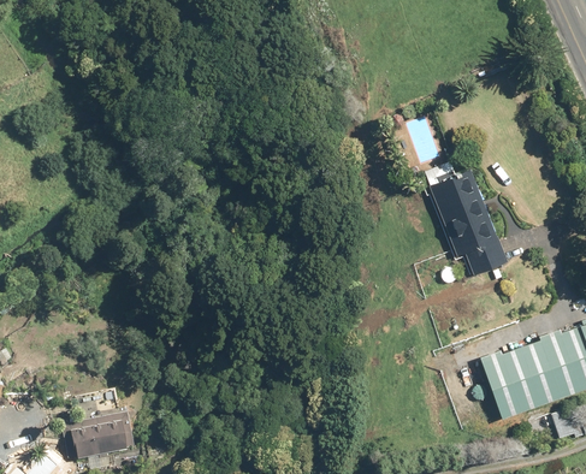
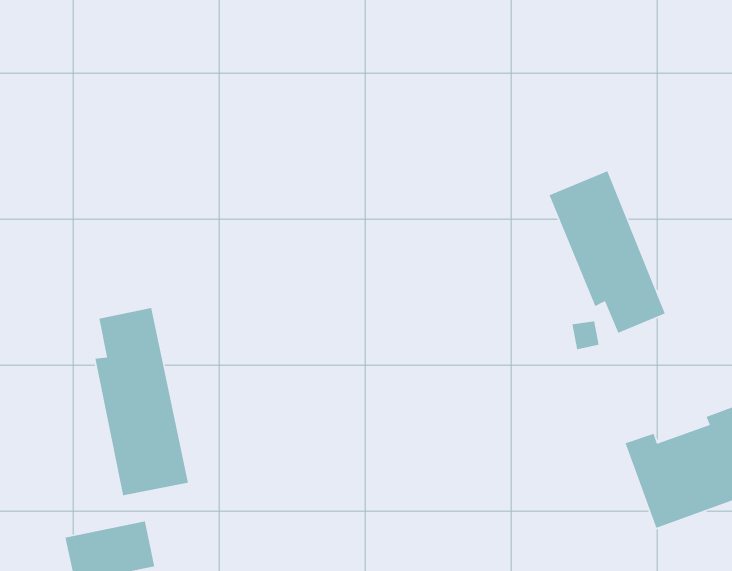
building: none -> [94,307,189,496]

